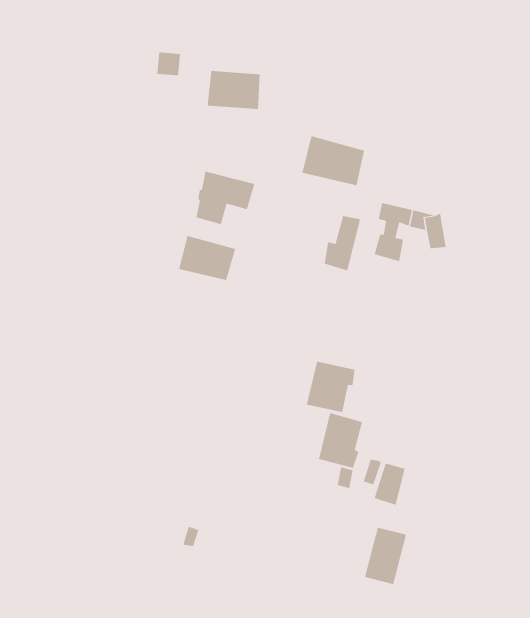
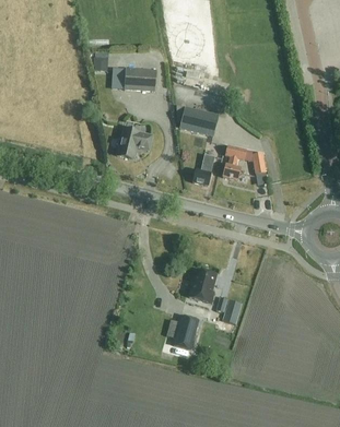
building: [178,235,236,281] -> none
building: [306,361,355,413] -> none
building: [364,527,407,585] -> [173,315,198,348]

